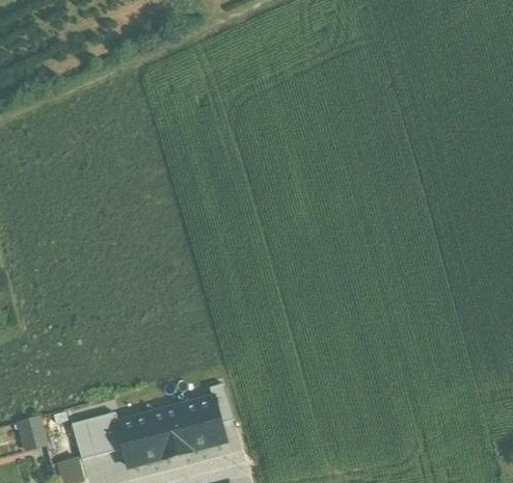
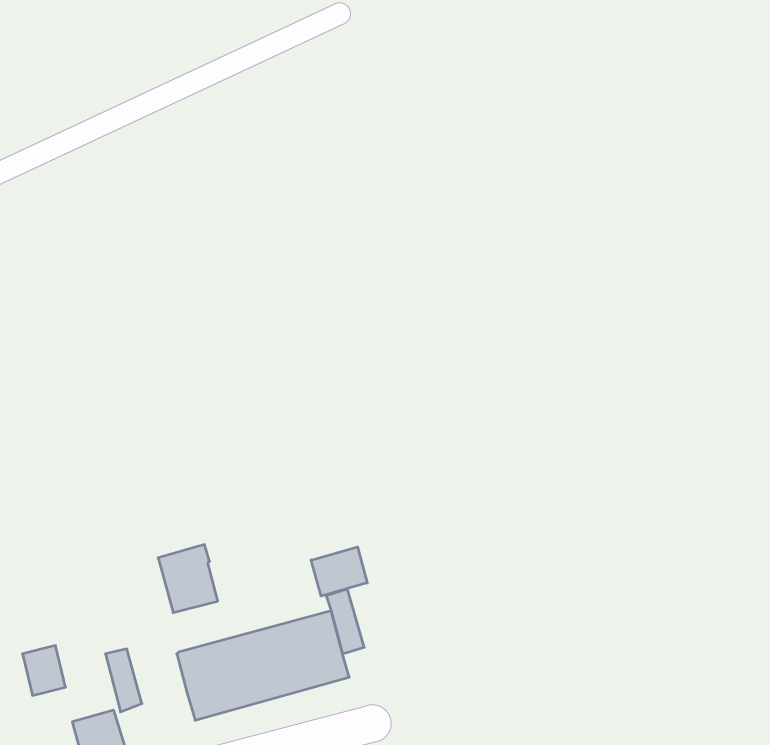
building: none -> [311,547,367,596]
building: [83,413,120,456] -> [158,545,218,613]

